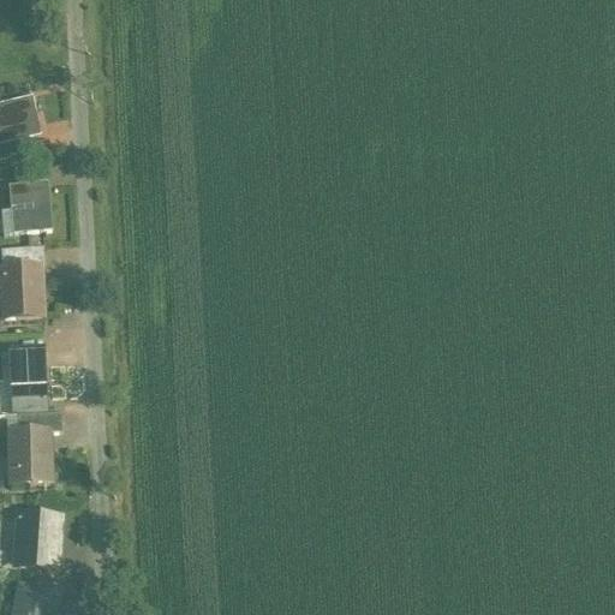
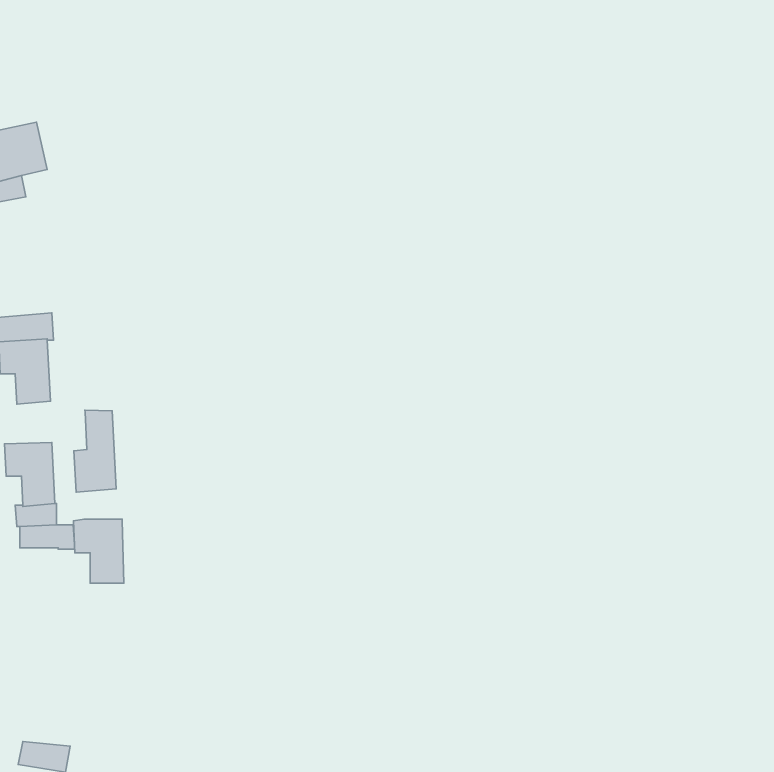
building: [7,181,48,232] -> none
building: none -> [74,410,116,492]
building: [7,431,47,482] -> [73,519,124,583]
building: [17,517,54,567] -> none

